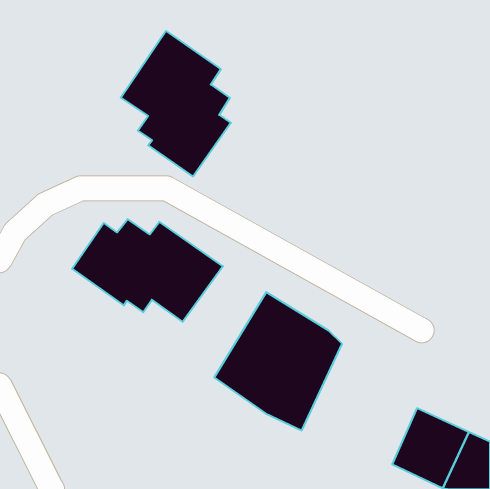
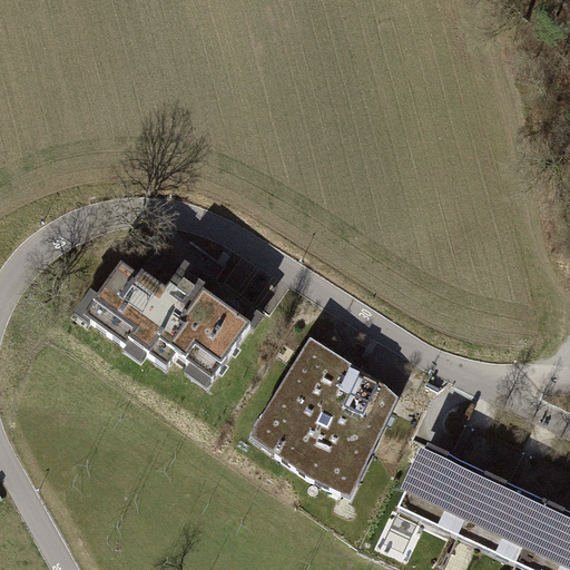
building: [121,31,231,176] -> none
building: none -> [397,448,483,538]

